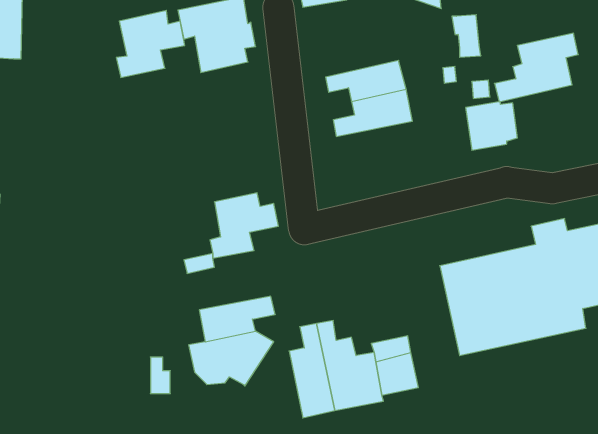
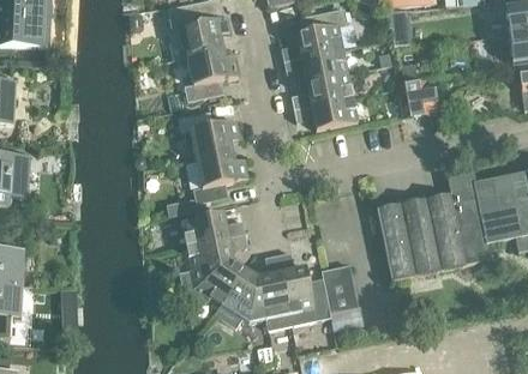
building: [116,10,185,77] -> [185,49,239,102]
building: [494,33,578,102] -> [282,7,348,61]
building: none -> [294,96,360,131]
building: none -> [179,110,239,159]
building: none -> [181,212,242,245]
building: none -> [214,270,268,330]

